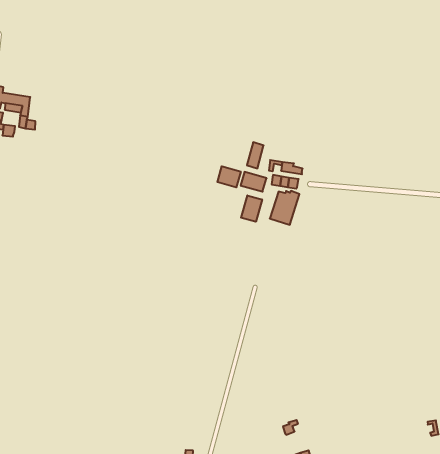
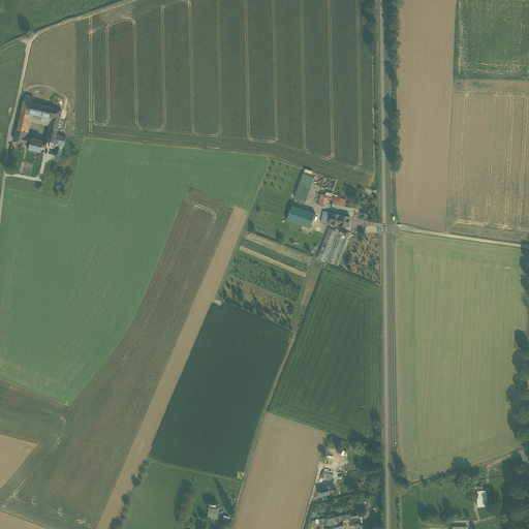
building: [217,166,241,187] -> none
building: [241,195,262,222] -> none

